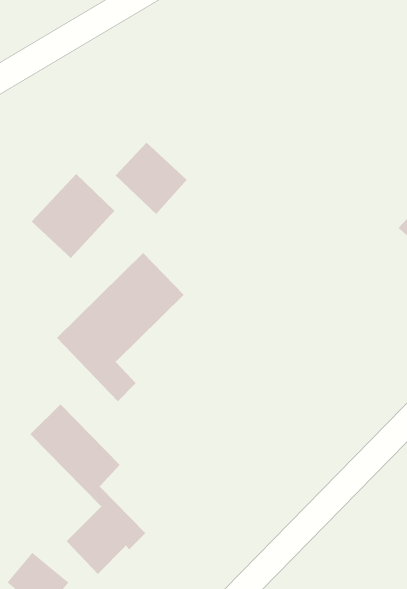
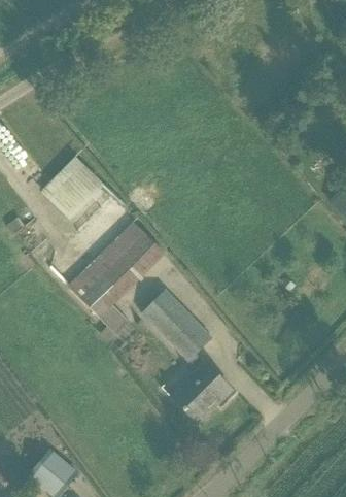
building: [115,142,188,215] -> none
building: [30,403,146,575] -> [141,289,231,421]

